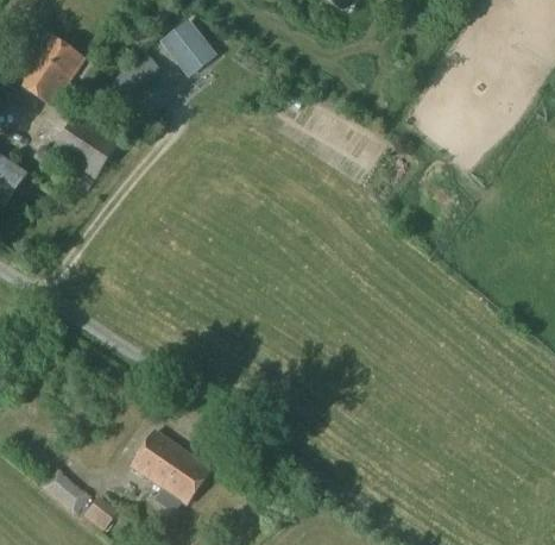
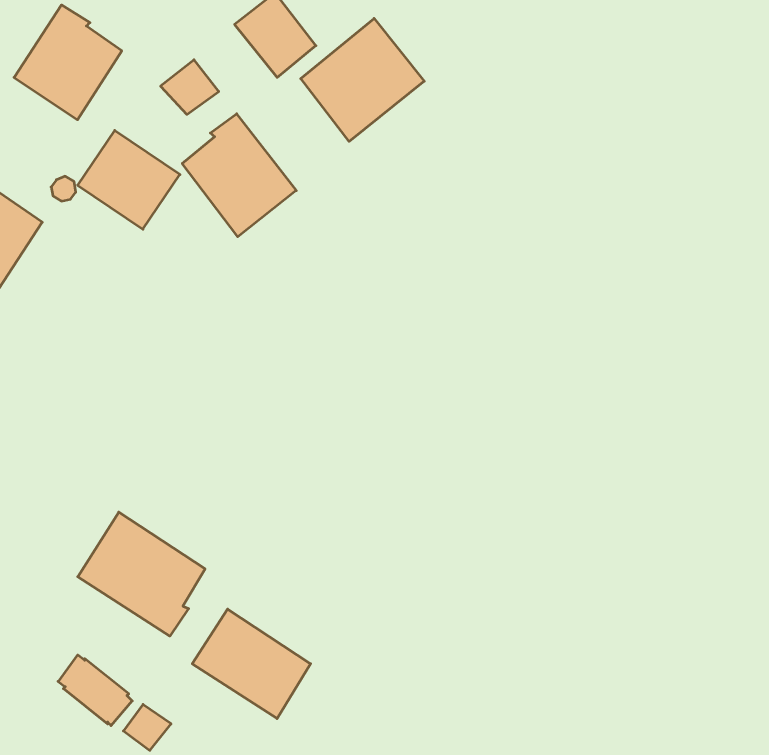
building: none -> [301,18,424,141]
building: none -> [182,114,296,237]
building: none -> [78,512,205,636]

